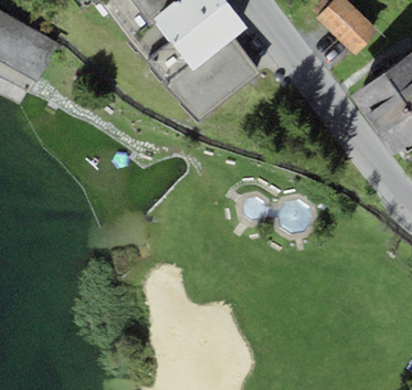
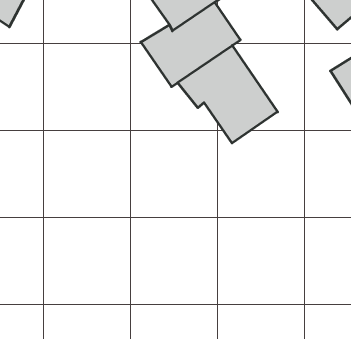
building: none -> [178,45,278,143]

